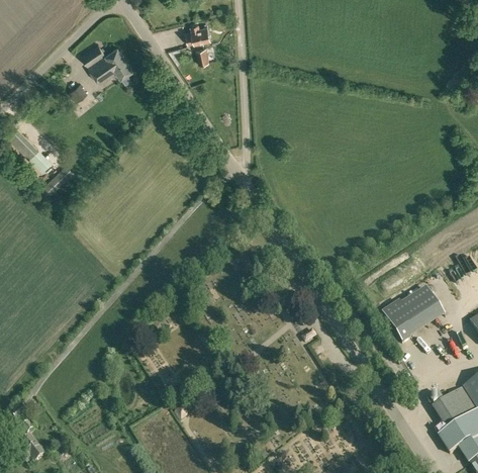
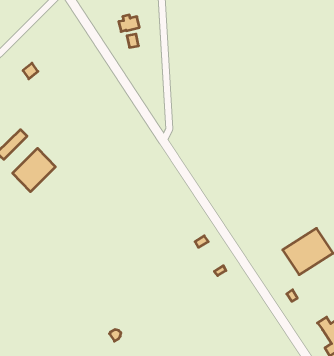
building: [81,43,133,84] -> none
building: none -> [13,148,55,192]

